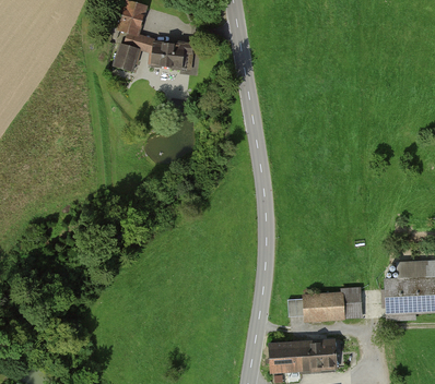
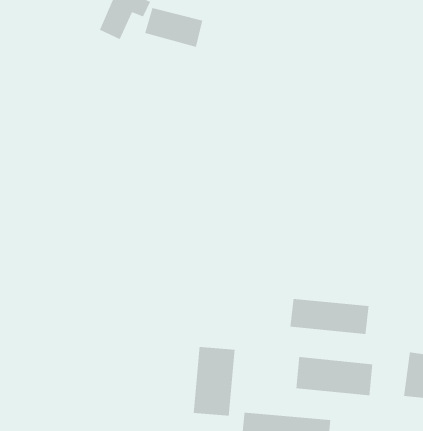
building: none -> [290,298,369,335]
building: none -> [193,346,236,416]

